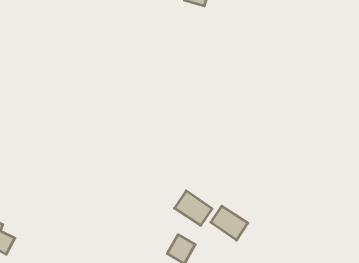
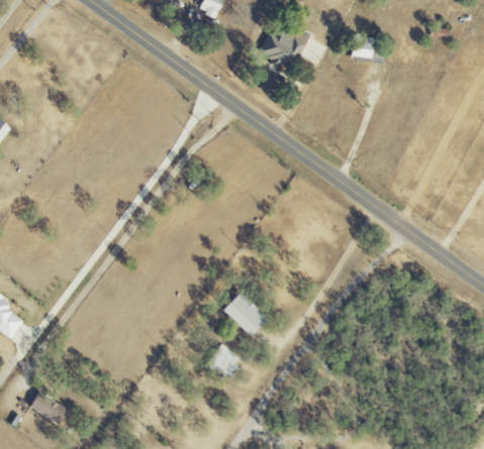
building: [211,206,248,240] -> none

